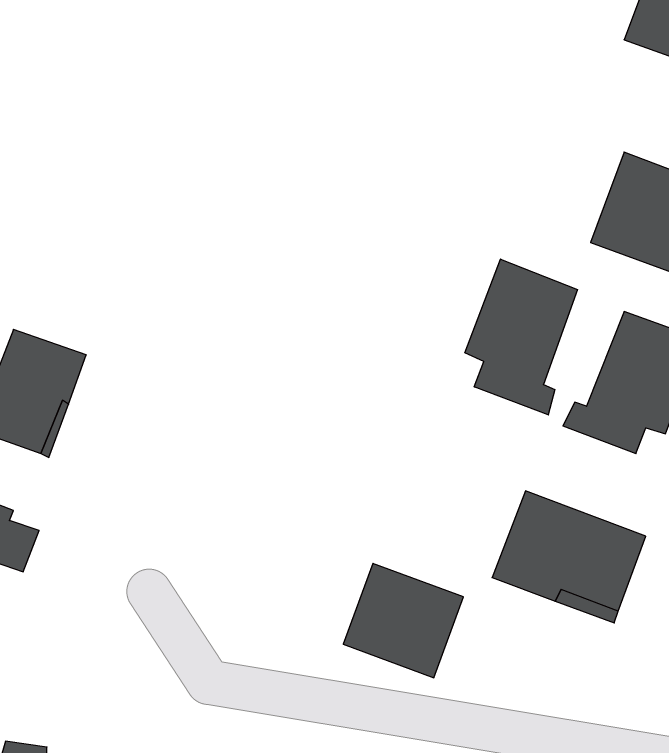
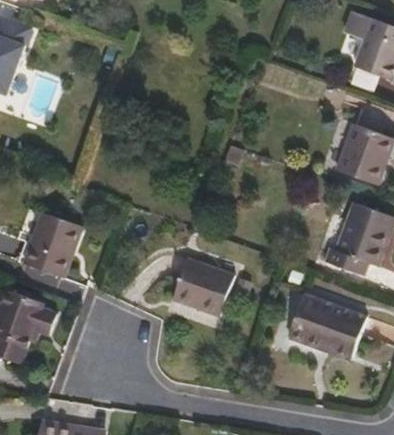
building: [465,259,578,415] -> none
building: [343,563,463,678] -> [172,261,233,319]

